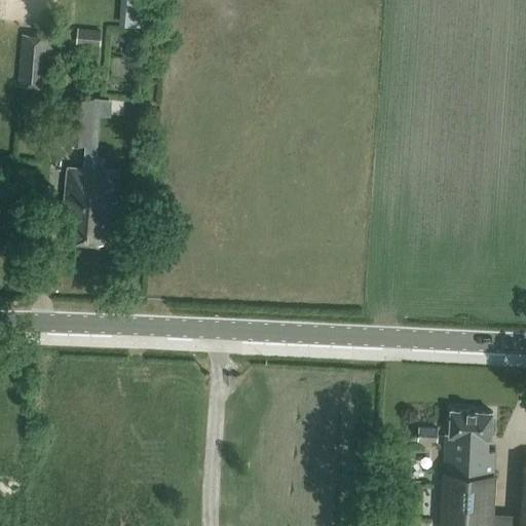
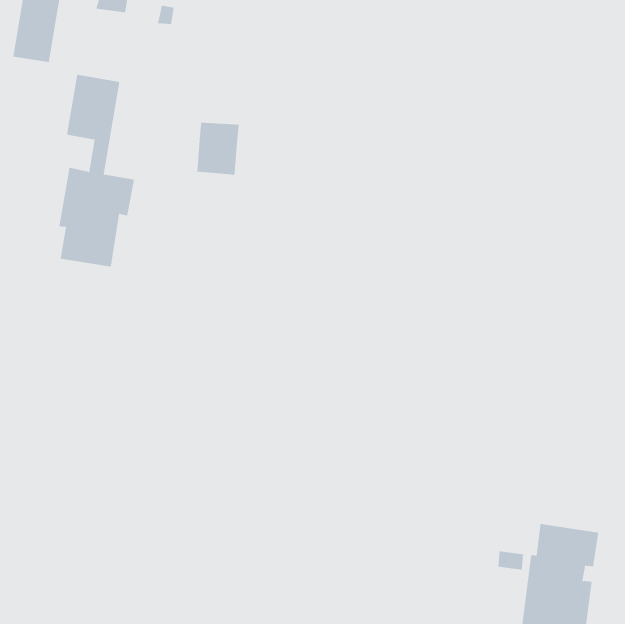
building: none -> [197,122,239,175]

